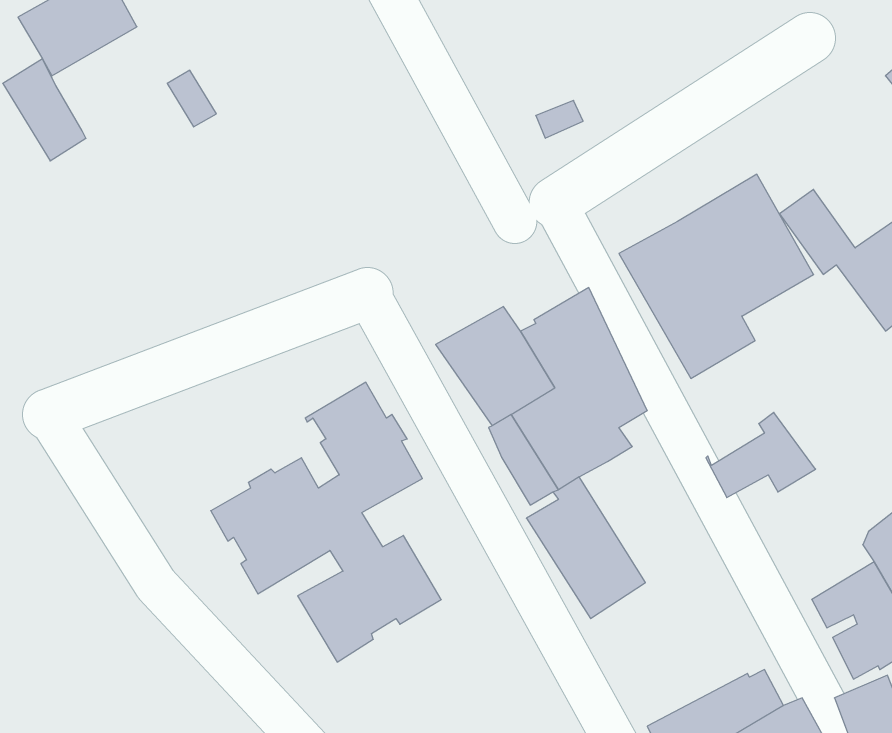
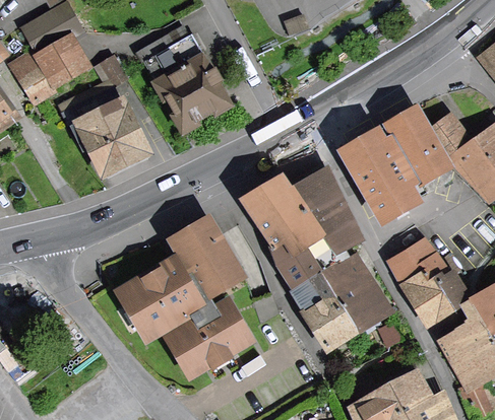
building: none -> [143,34,225,129]
building: none -> [37,41,84,87]
building: none -> [62,89,142,171]
building: none -> [320,256,385,330]
building: none -> [399,269,463,322]

